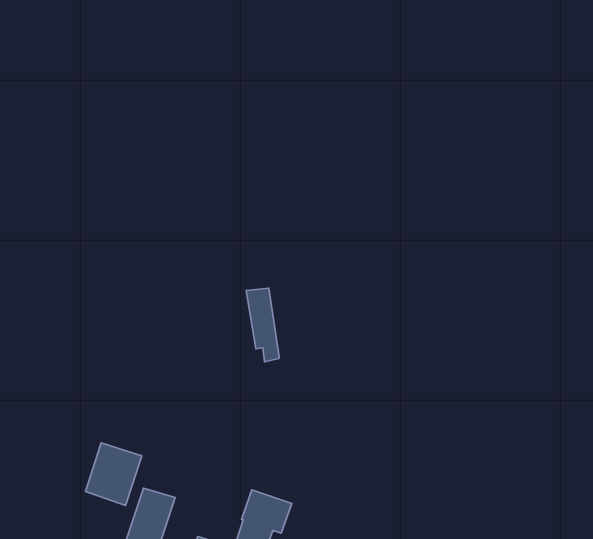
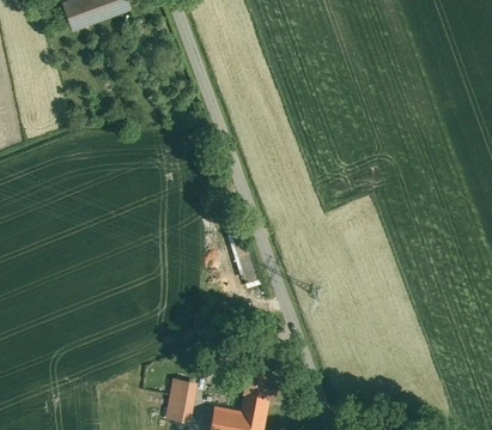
building: [86,443,142,506] -> none

